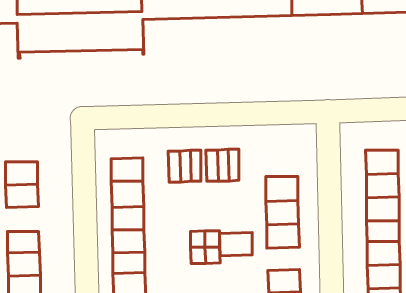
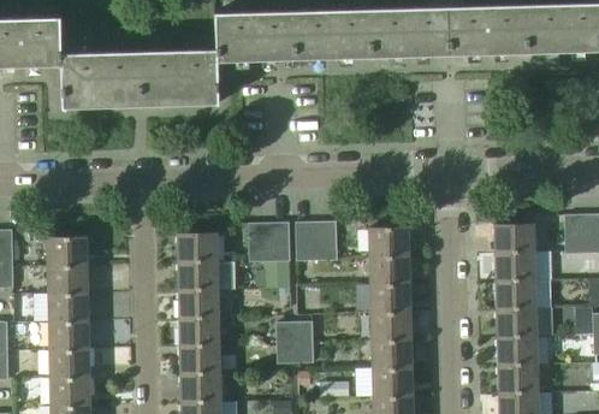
building: none -> [369,226,410,255]
building: none -> [48,292,88,324]
building: [219,233,252,256] -> [372,343,413,372]

